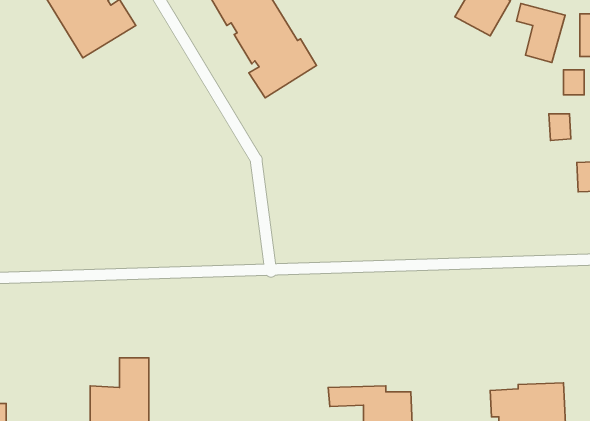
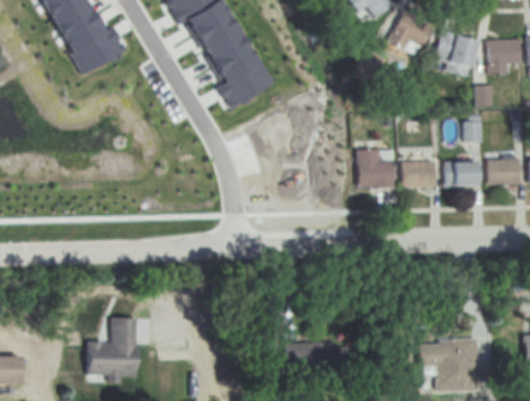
building: none -> [356,148,392,185]
building: none -> [400,161,434,186]
building: none -> [443,161,477,186]

